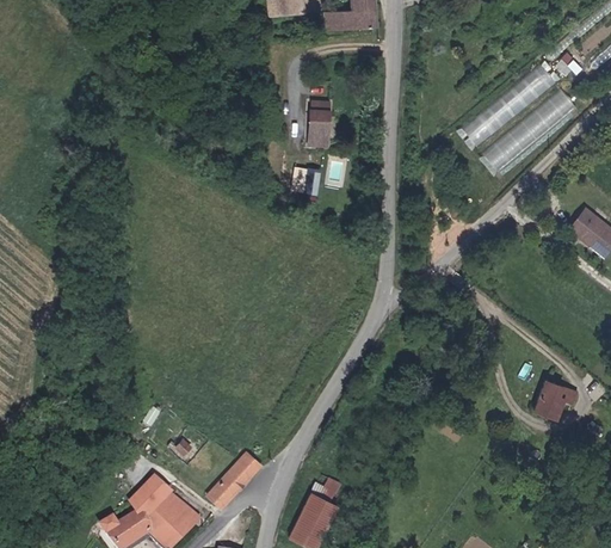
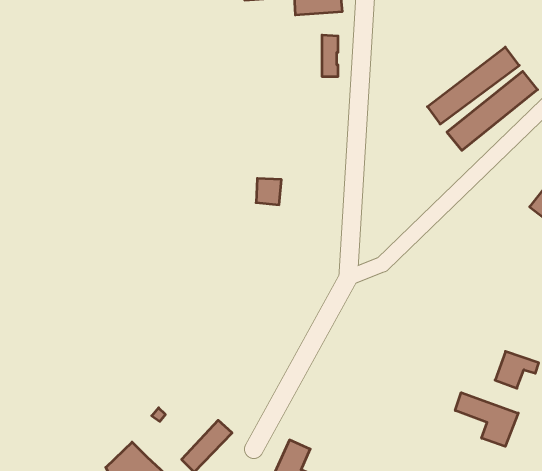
building: [313,101,329,144] -> [322,35,338,76]
building: [295,166,321,193] -> [256,178,281,205]
building: none -> [455,393,518,446]

